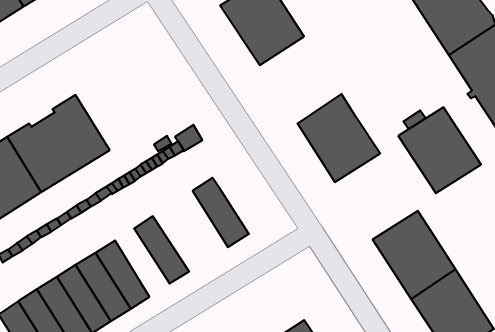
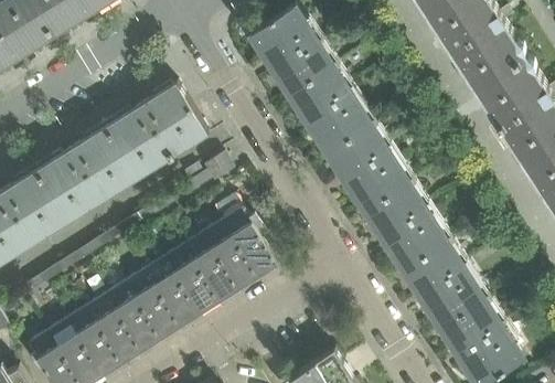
building: none -> [288,67,370,155]
building: none -> [104,85,206,181]
building: [398,107,481,193] -> [363,184,446,270]
building: none -> [181,222,256,302]
building: none -> [143,259,198,328]

